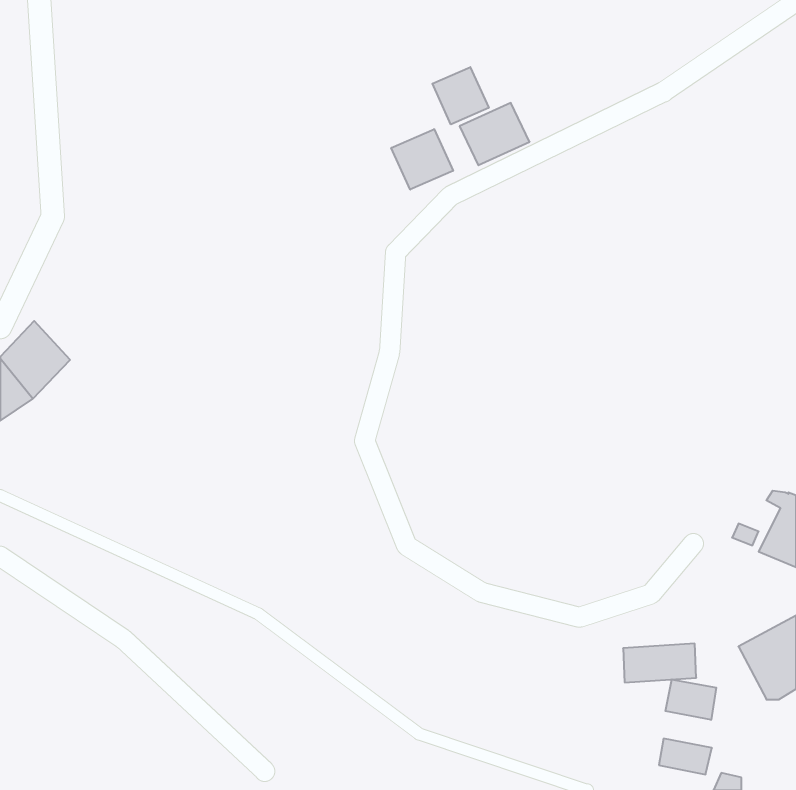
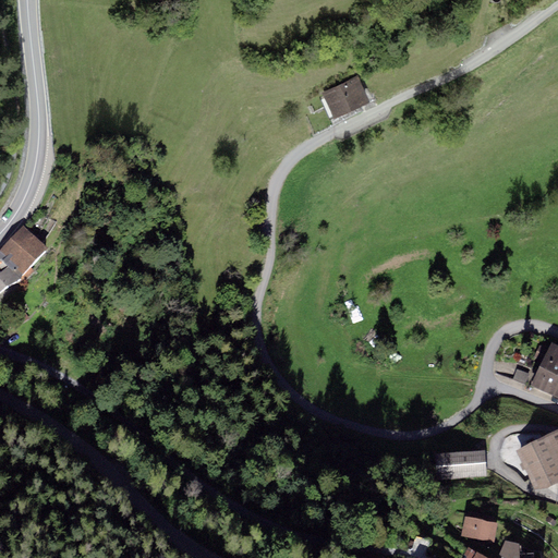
building: [432,67,489,124] -> none
building: [391,129,453,190] -> none
building: [665,679,716,720] -> none

